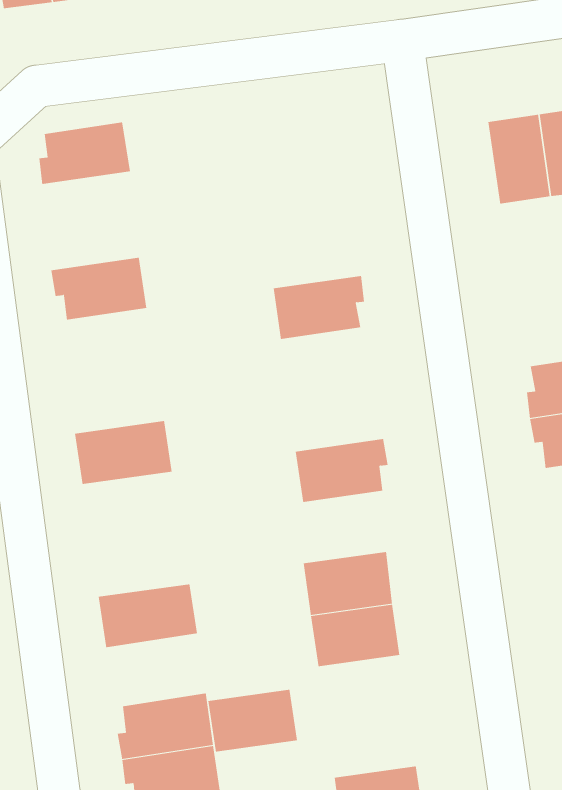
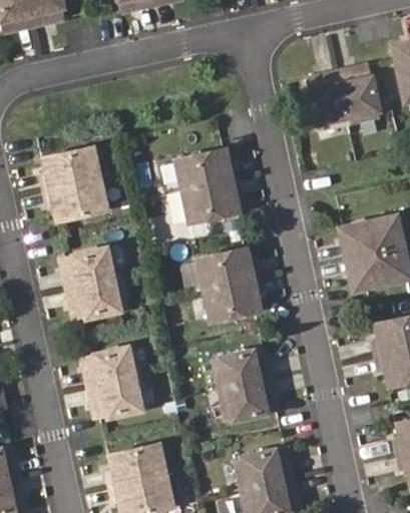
building: [39,122,131,184] -> [41,148,98,190]
building: none -> [174,149,236,191]
building: none -> [59,246,121,290]
building: none -> [196,248,257,291]
building: none -> [81,346,144,389]
building: [208,689,298,752] -> [235,447,292,489]

